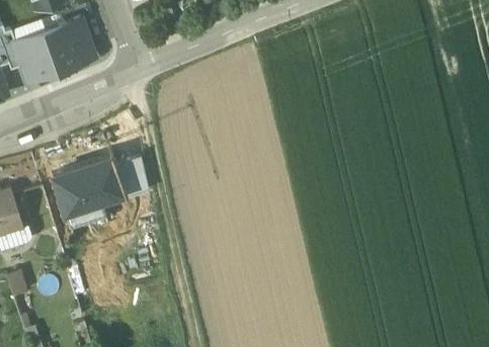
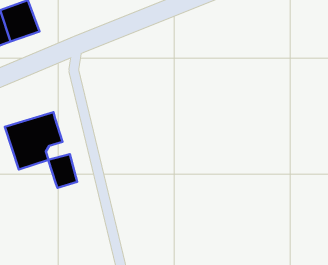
building: [113,156,149,197] -> [48,154,77,188]

